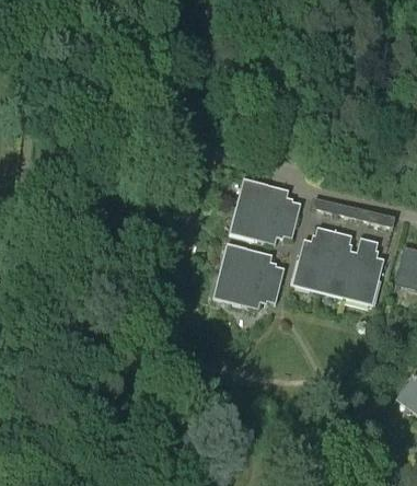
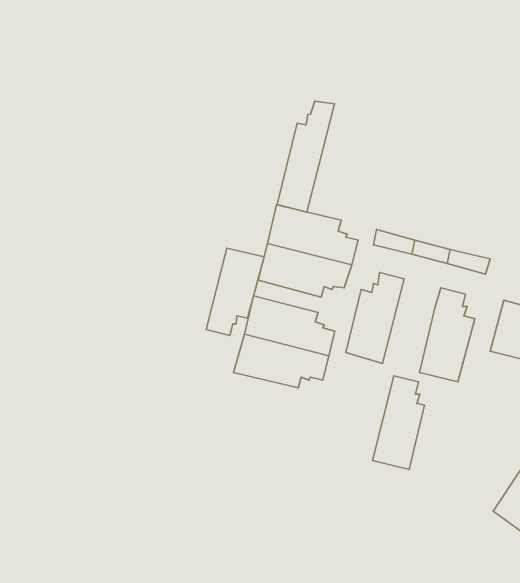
building: none -> [277,101,334,212]
building: none -> [206,248,264,336]
building: [317,231,355,298] -> [372,376,425,470]

